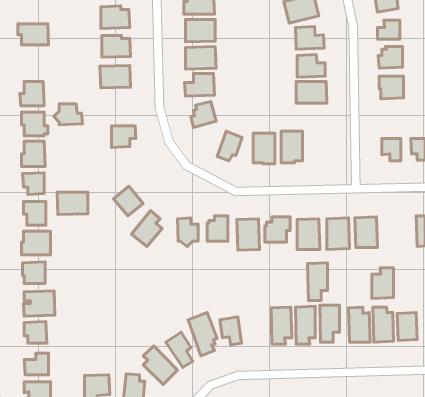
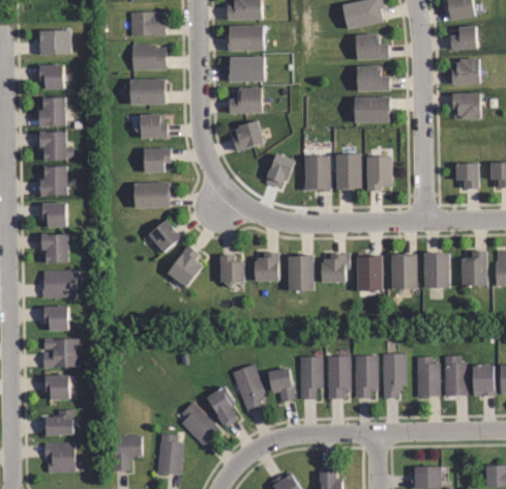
building: none -> [37,65,61,89]
building: [54,104,82,125] -> [136,114,169,138]
building: none -> [368,157,393,191]
building: [57,192,88,215] -> [135,182,170,208]
building: [308,263,327,301] -> [300,356,323,400]
building: [372,268,394,299] -> [462,251,486,286]

